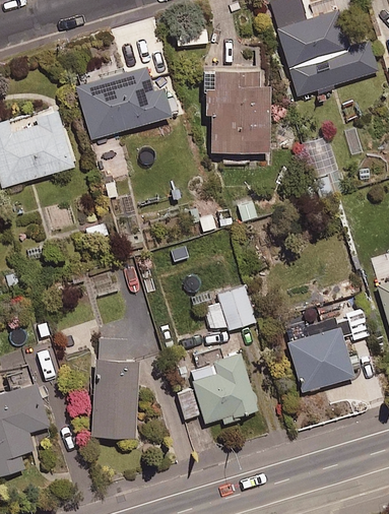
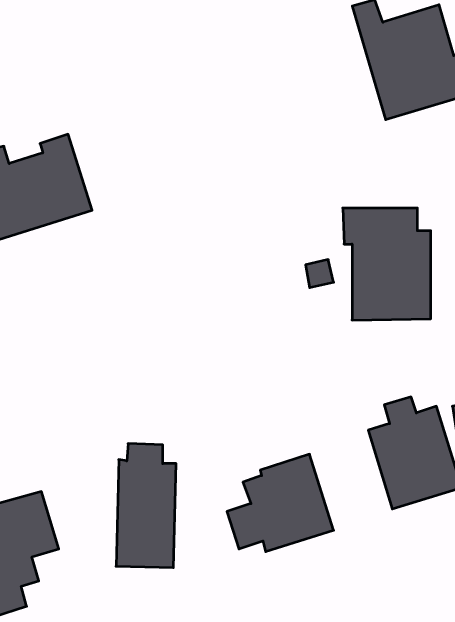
building: [75,64,172,139] -> none
building: [202,66,269,151] -> [343,208,431,320]
building: [204,286,257,333] -> none

